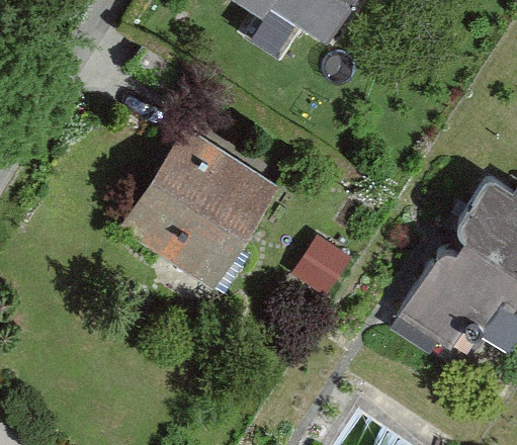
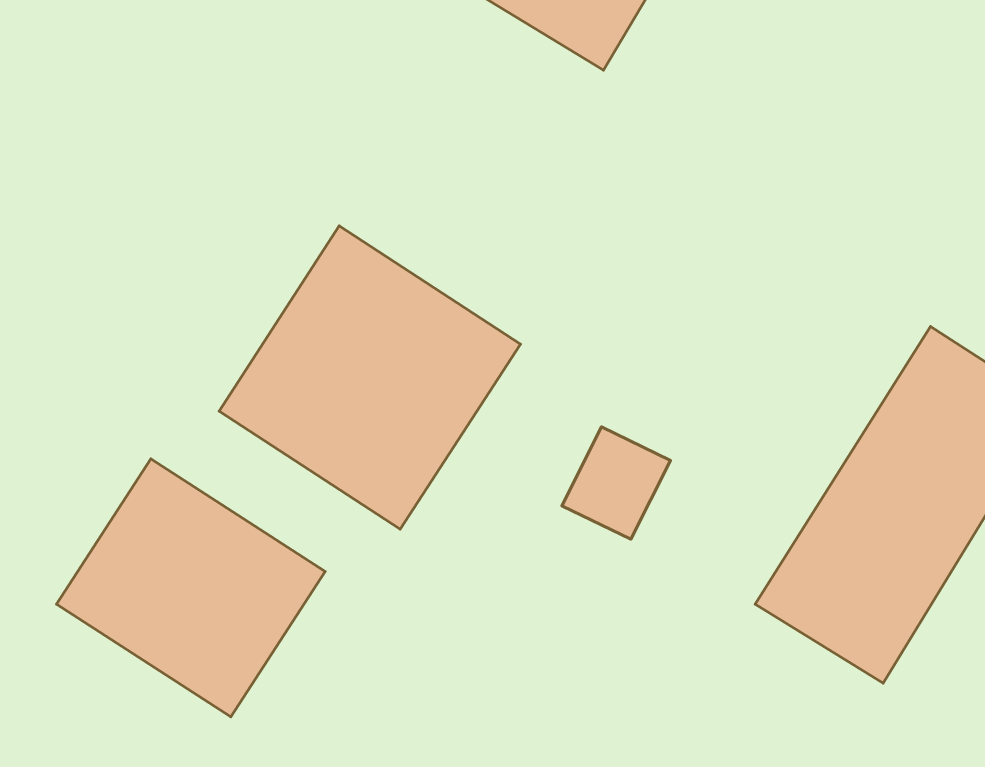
building: none -> [57,459,325,717]

